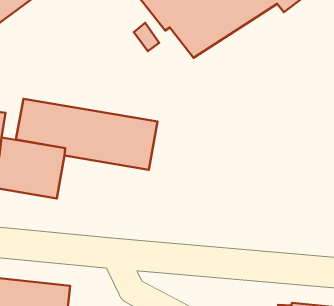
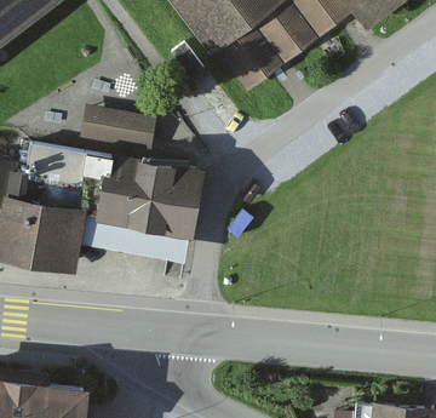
building: none -> [80,107,157,148]
building: none -> [79,213,191,260]

